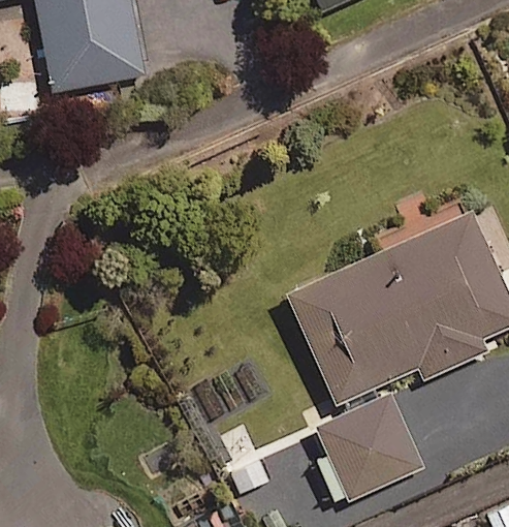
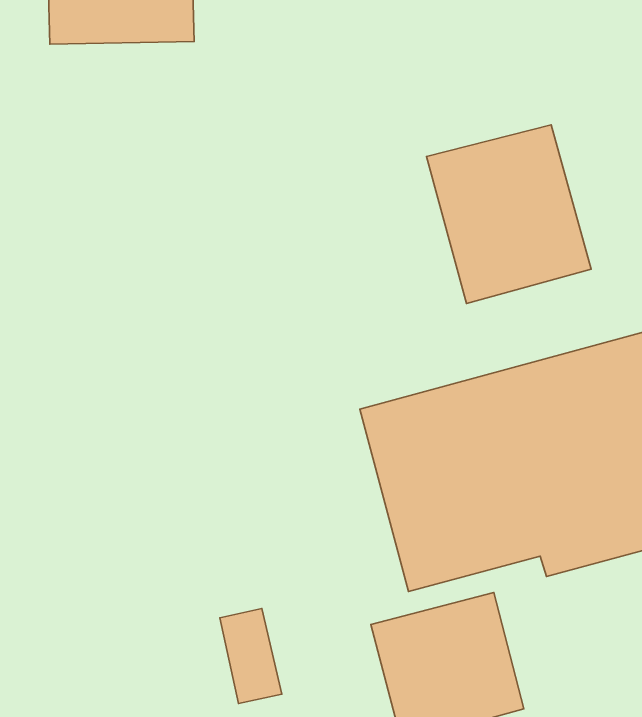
building: none -> [426,125,591,304]

